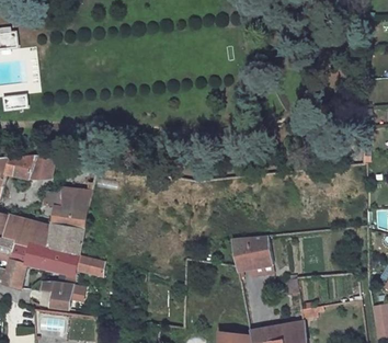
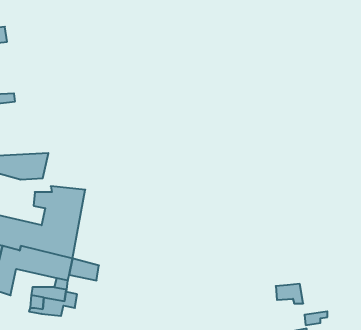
building: [231,236,273,272] -> none

